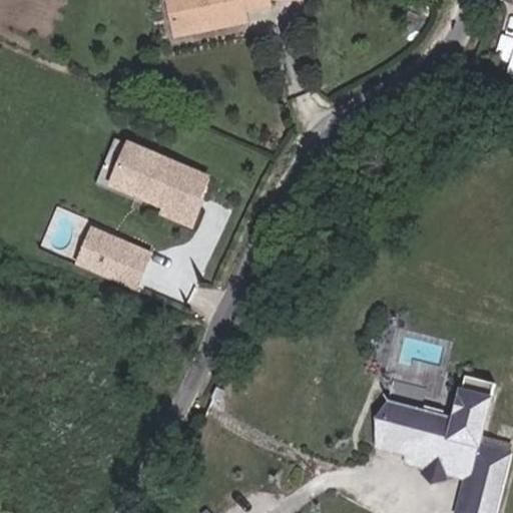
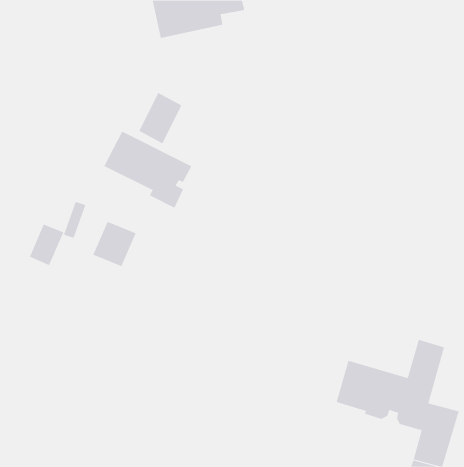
building: none -> [139,92,182,144]
building: [83,233,121,280] -> [29,224,64,266]

